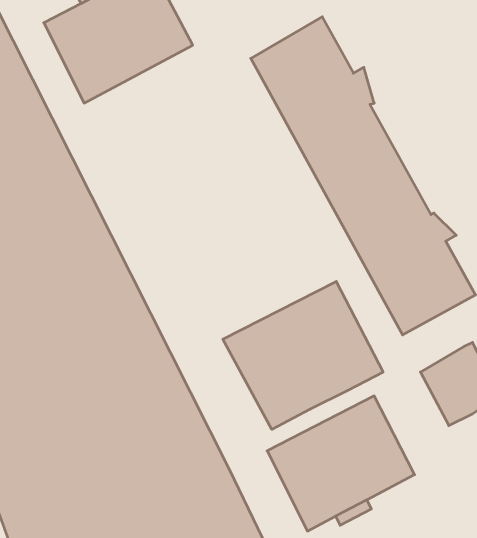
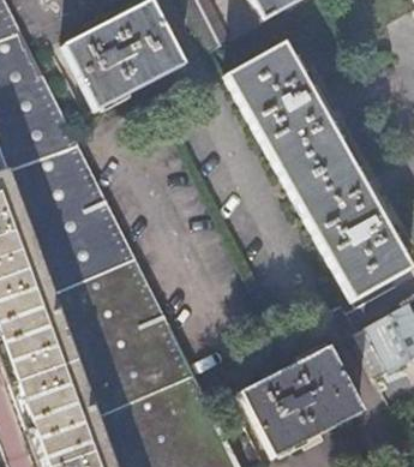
building: [223,281,383,429] -> none

